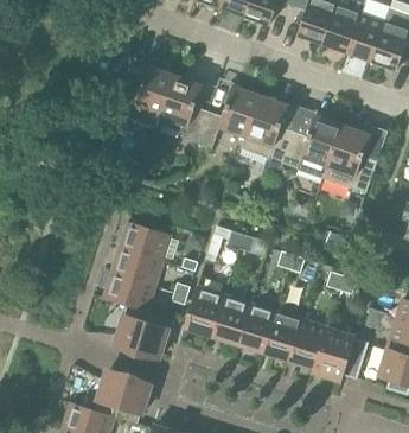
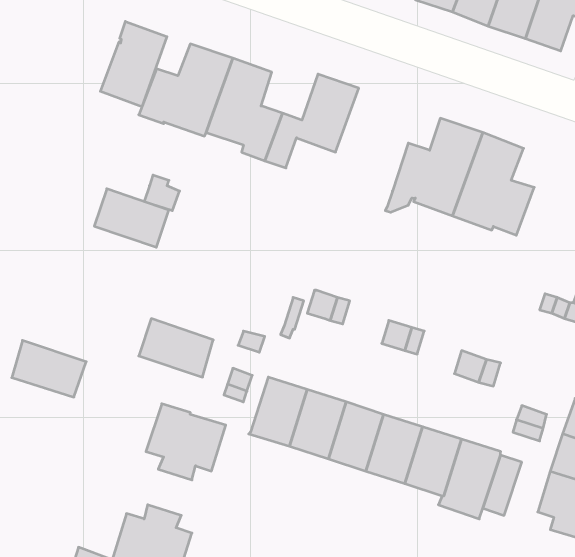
building: none -> [100,21,167,107]
building: [242,94,294,173] -> none
building: [122,223,172,262] -> [94,189,169,247]
building: [107,273,156,311] -> [12,340,86,397]

